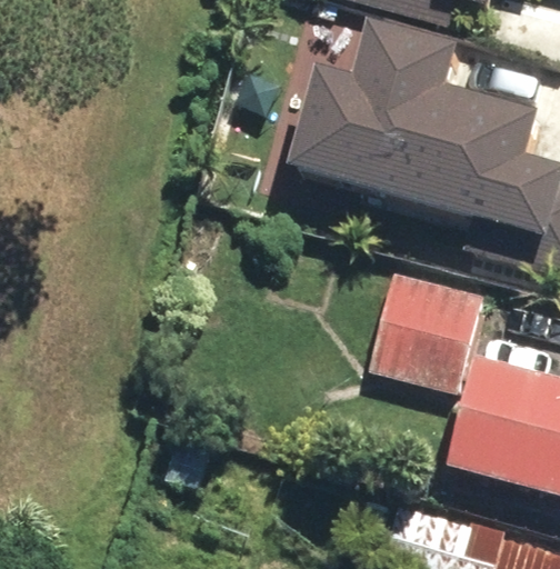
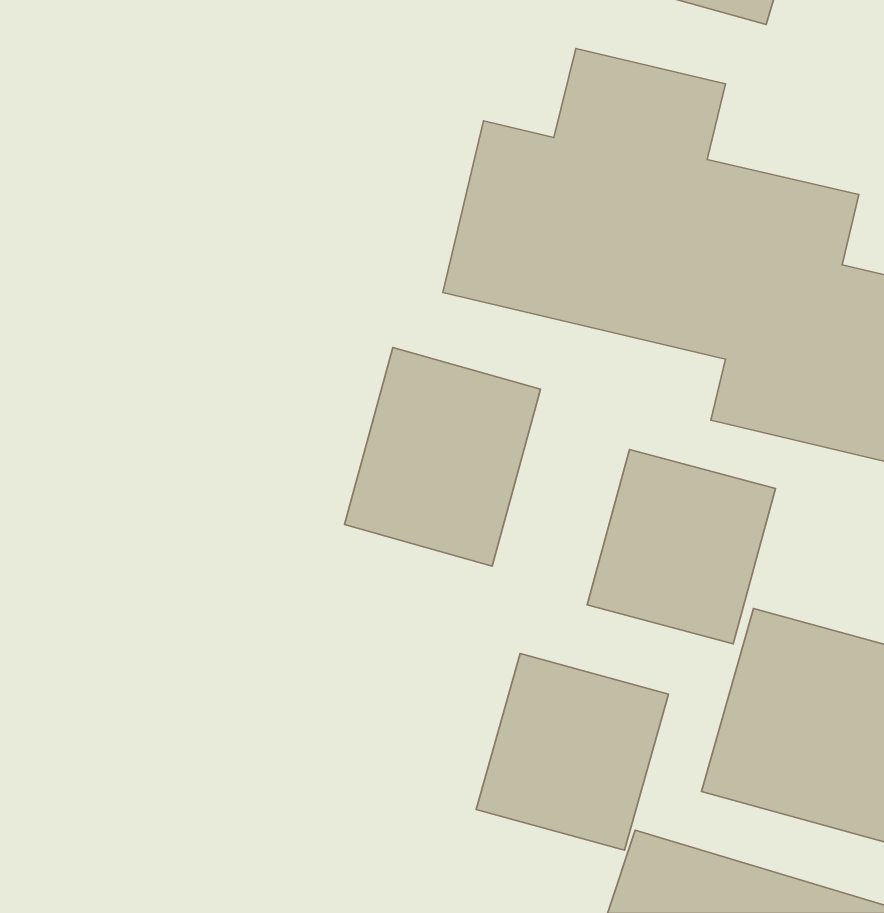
building: none -> [344,348,540,566]
building: none -> [476,654,668,850]

